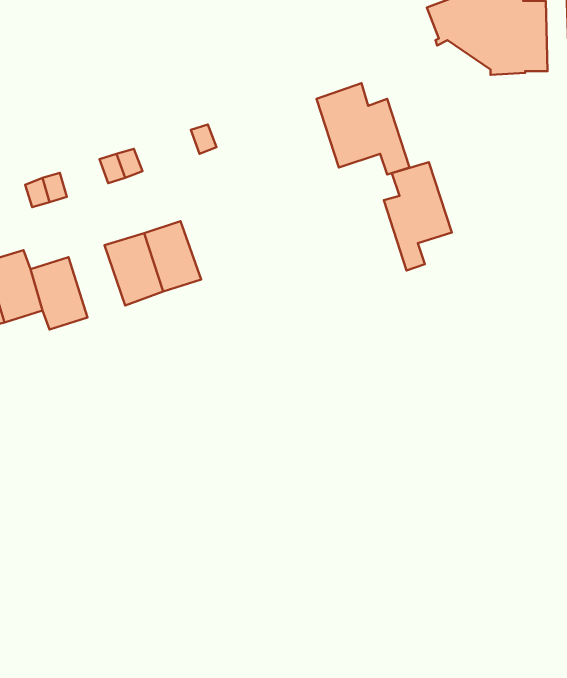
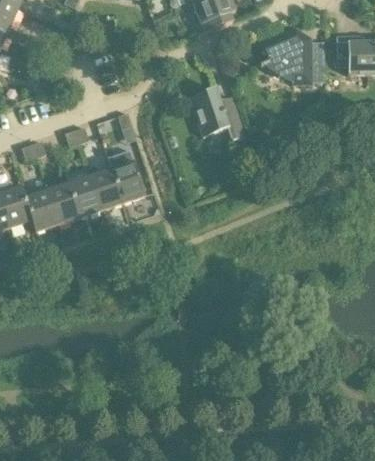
building: [384,162,452,271] -> none
building: none -> [108,149,145,202]
building: none -> [46,182,79,224]

